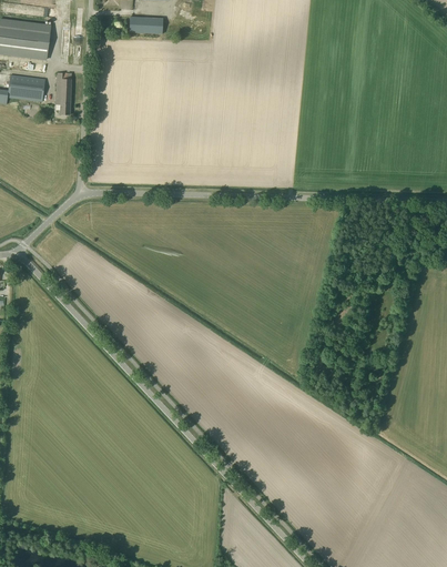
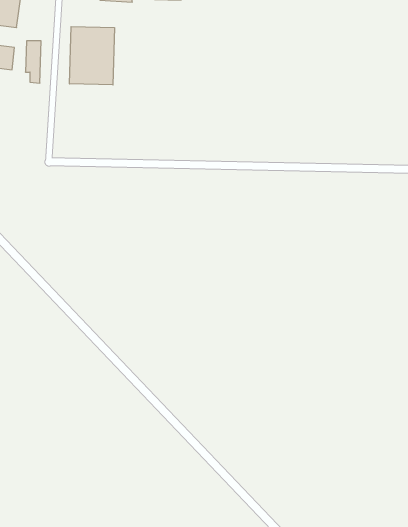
building: none -> [70,27,114,85]

